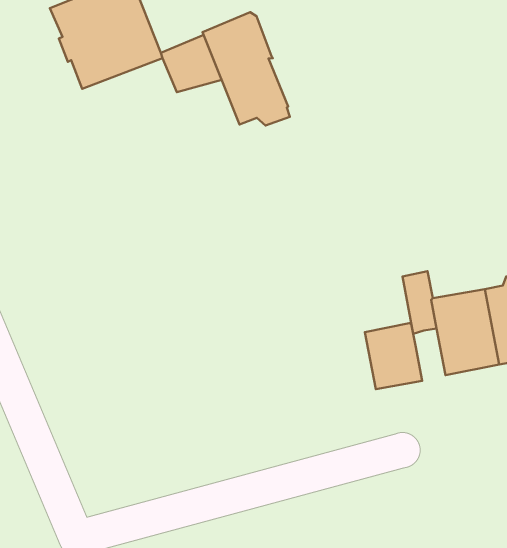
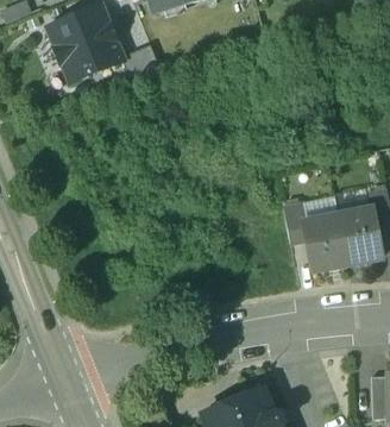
building: [203,12,290,126] -> none
building: [365,323,422,389] -> none

